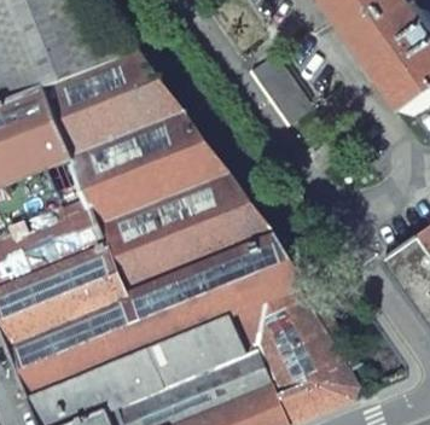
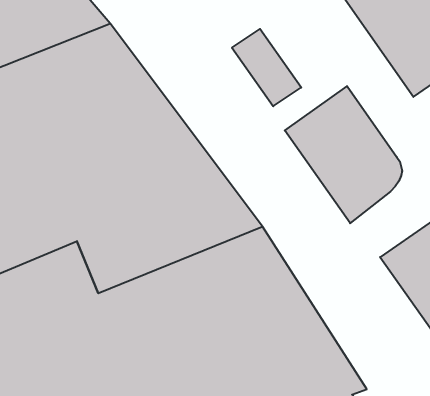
building: none -> [285,86,402,223]

